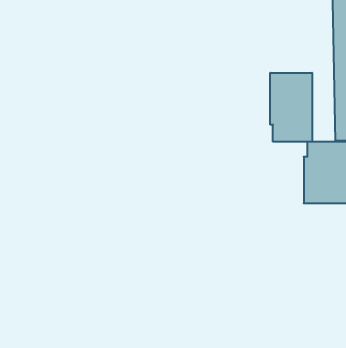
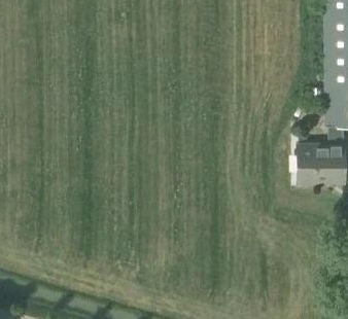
building: [270,73,312,142] -> none

